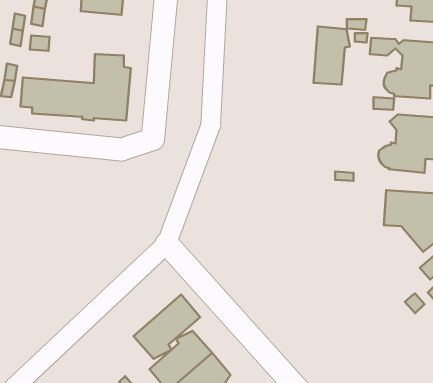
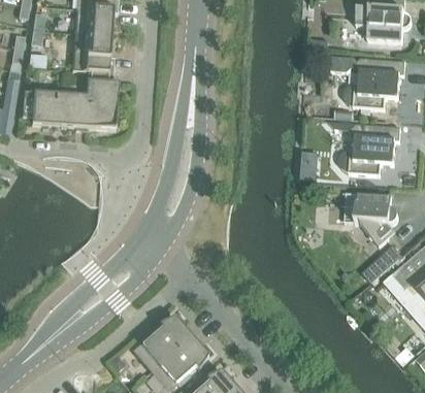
building: none -> [71,32,113,71]
building: [314,27,350,85] -> none
building: [133,295,200,359] -> none

